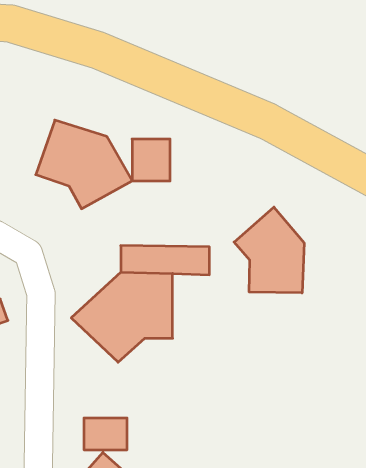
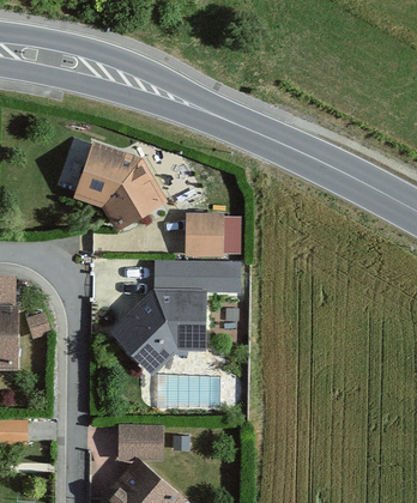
building: [132,139,170,181] -> [187,216,223,255]
building: [234,207,304,293] -> none

